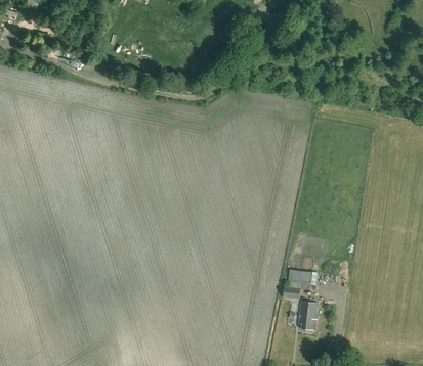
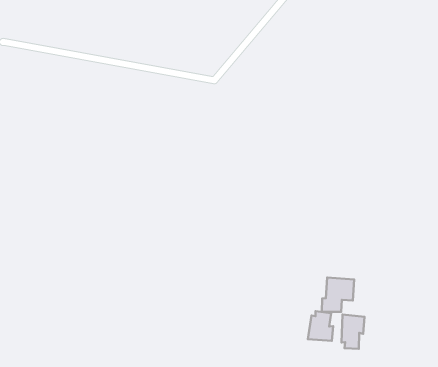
building: none -> [308,311,333,341]

